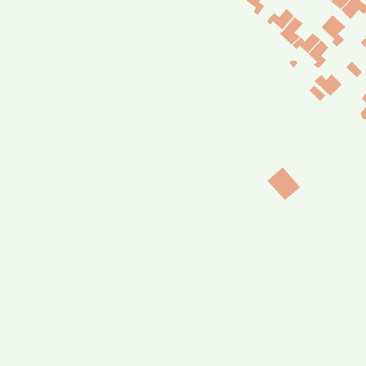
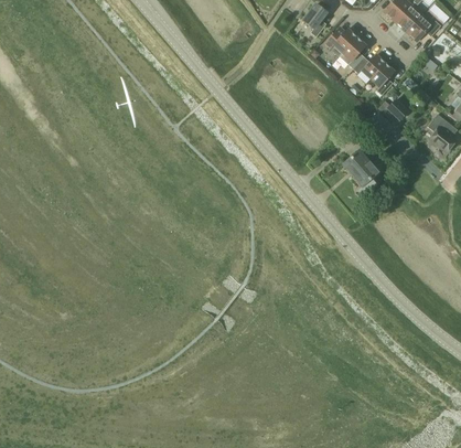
building: [321,15,346,48] -> none
building: [267,166,301,201] -> [343,148,380,185]

